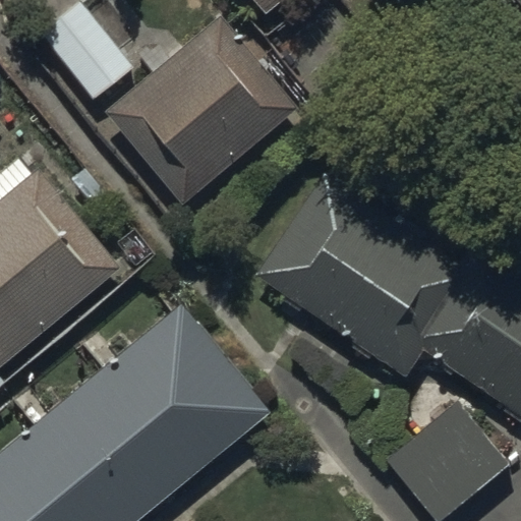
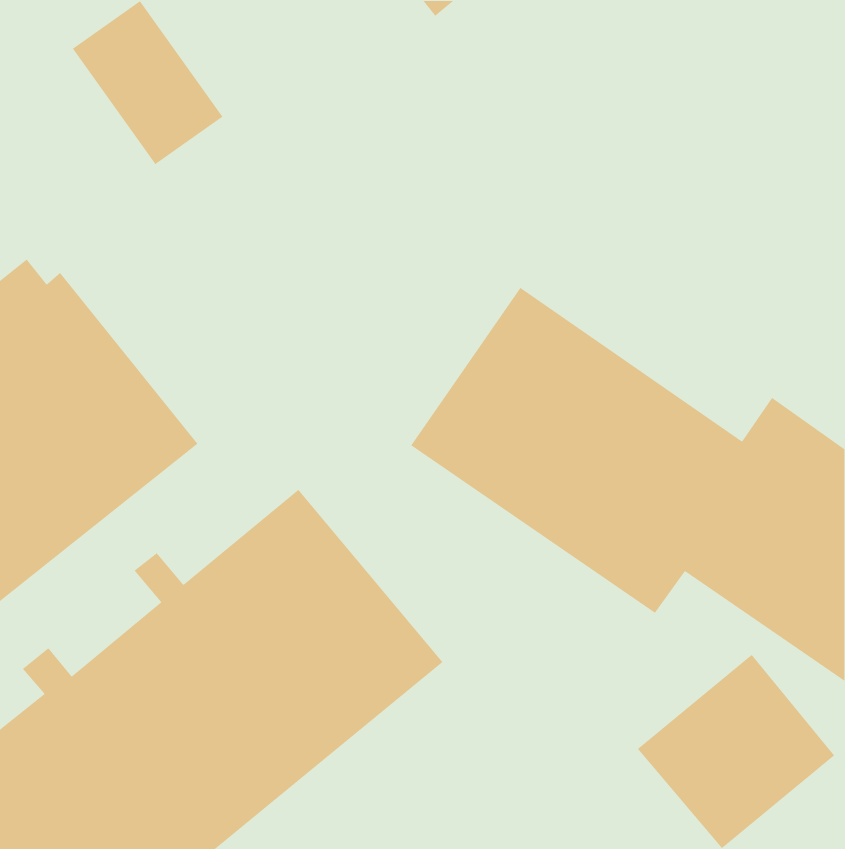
building: [112,22,306,213] -> none

